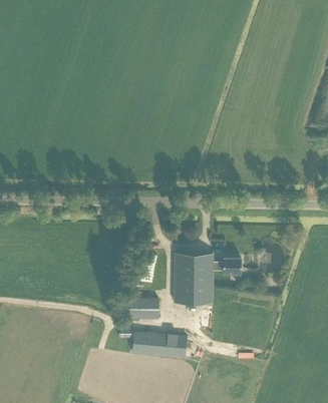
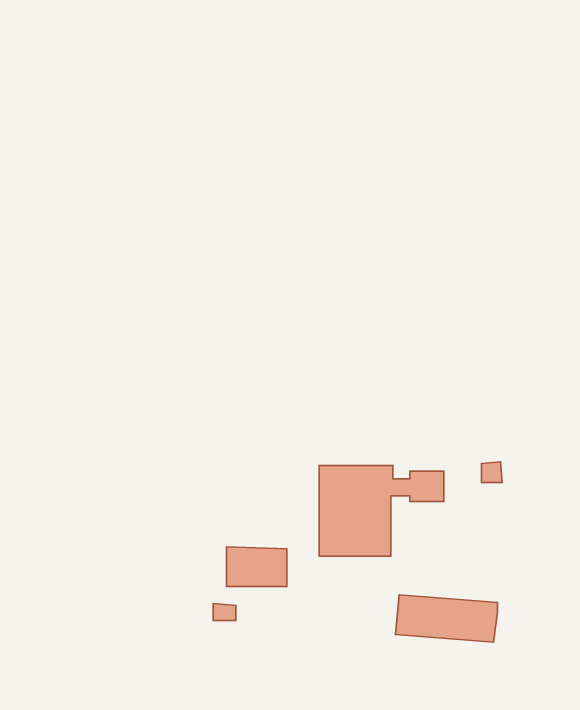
building: [132,333,187,358] -> [395,595,497,642]

